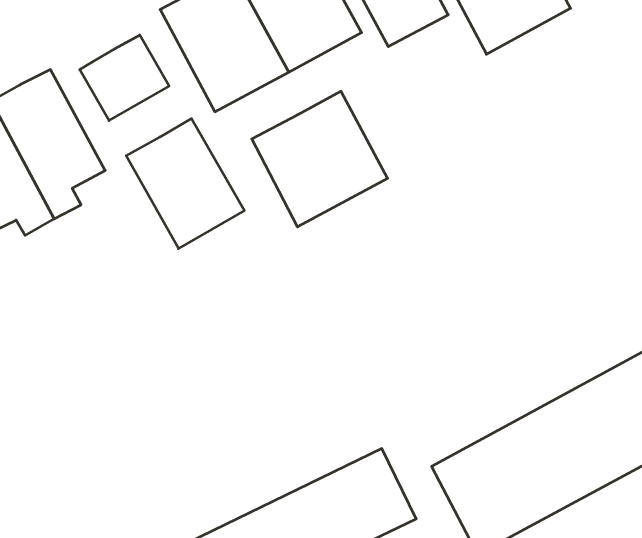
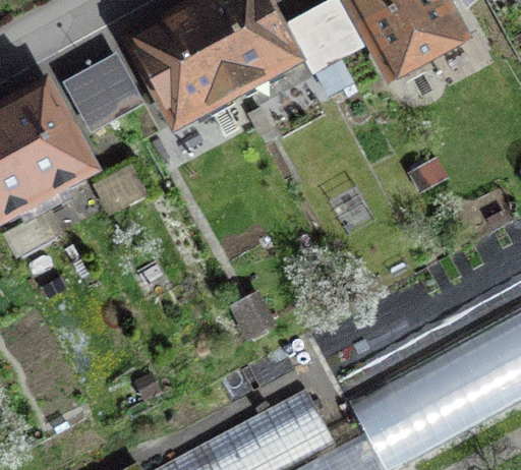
building: [252,91,388,227] -> none
building: [126,119,244,249] -> none

